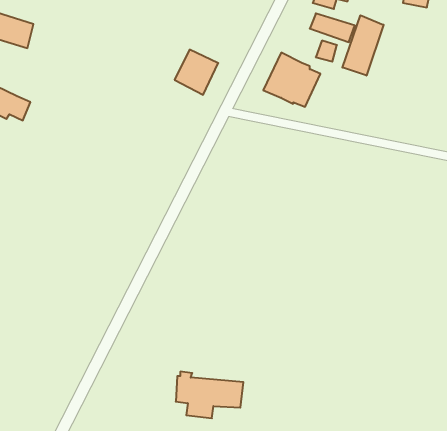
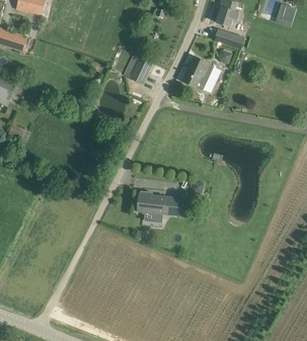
building: [342,15,384,76] -> none
building: [176,372,243,418] -> [137,190,182,222]

